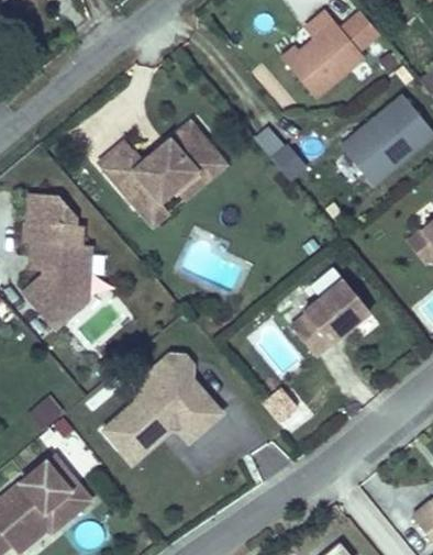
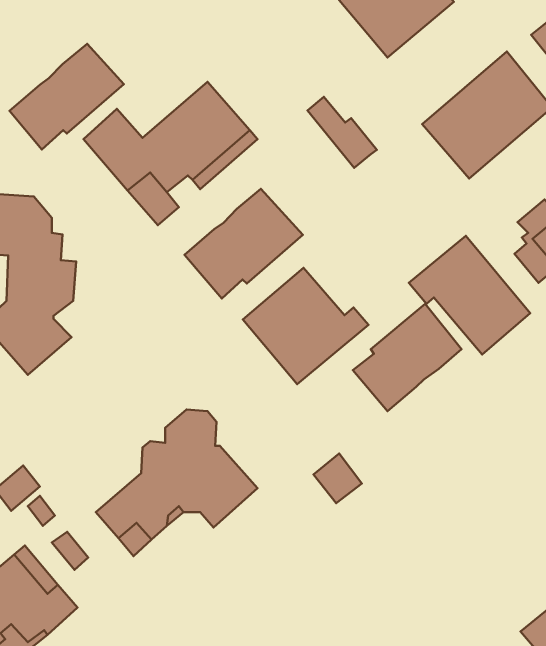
building: none -> [9,44,124,149]
building: none -> [184,189,303,299]
building: none -> [409,236,530,354]
building: none -> [243,268,368,384]

